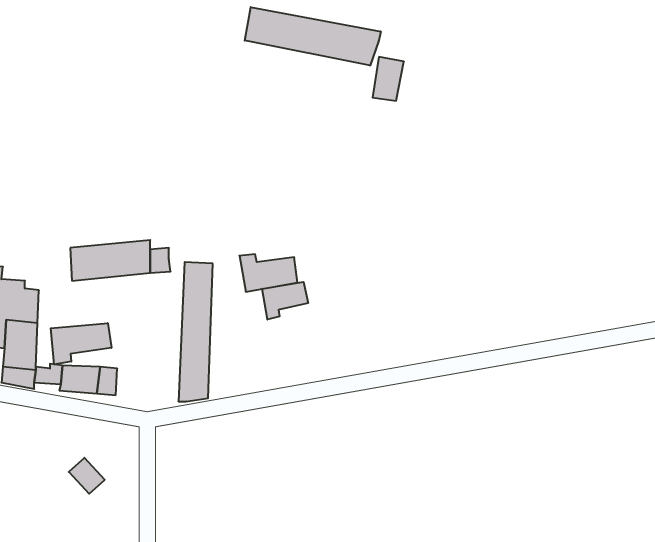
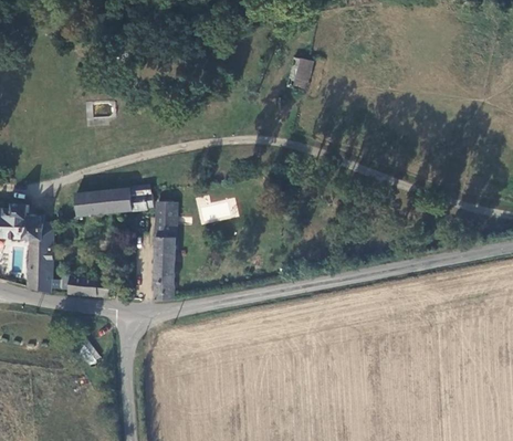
building: [245,7,381,66] -> none
building: [262,282,308,320] -> none
building: [51,323,111,364] -> none

